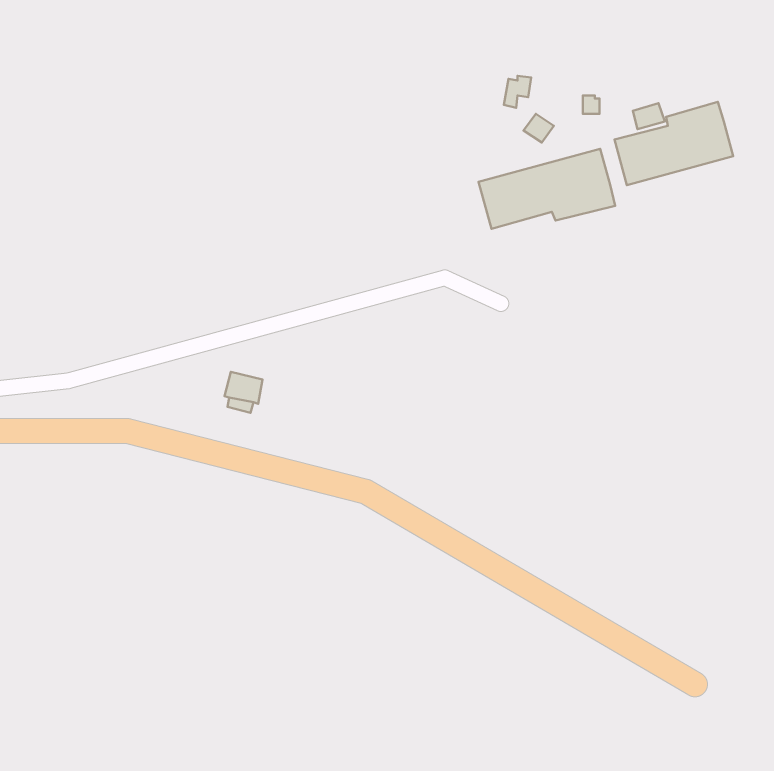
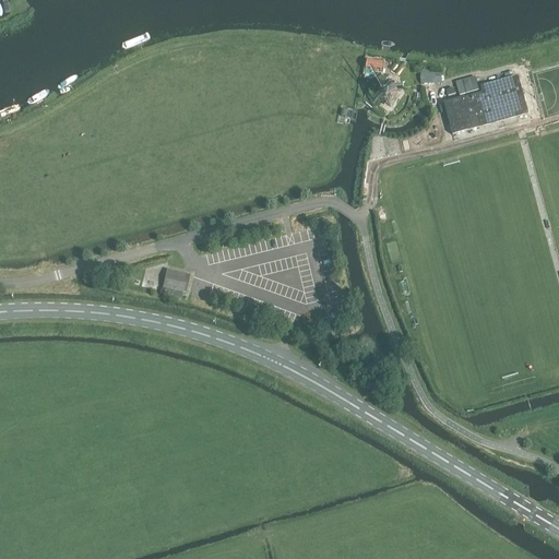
building: [479,149,615,229] -> none

